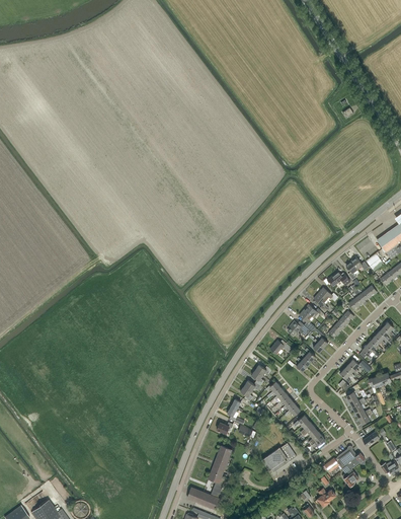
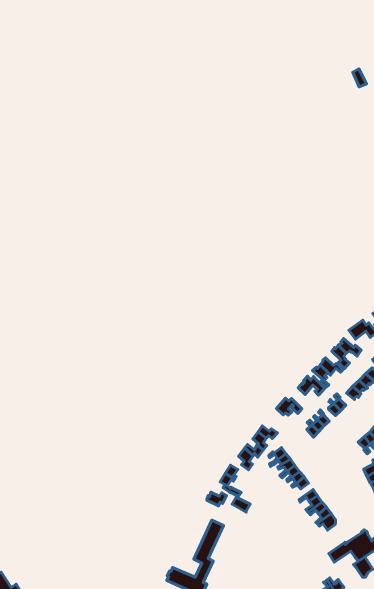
building: [262,443,297,472] -> none

